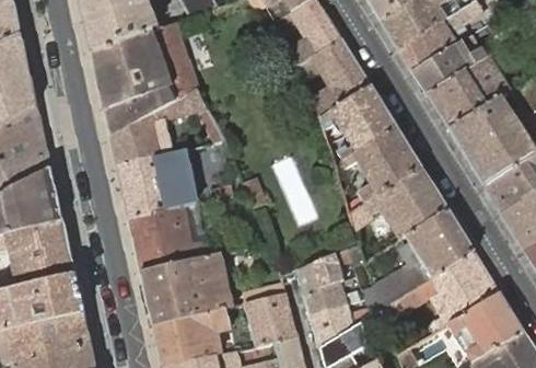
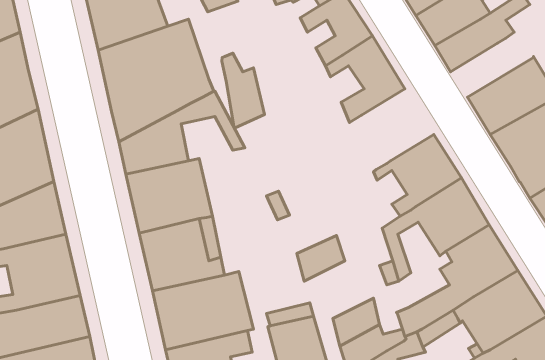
building: [412,41,488,94] -> none
building: none -> [222,53,264,128]
building: [321,87,397,160] -> none
building: [299,254,342,296] -> [297,236,345,281]

